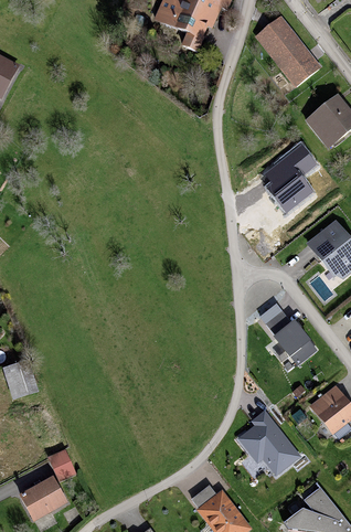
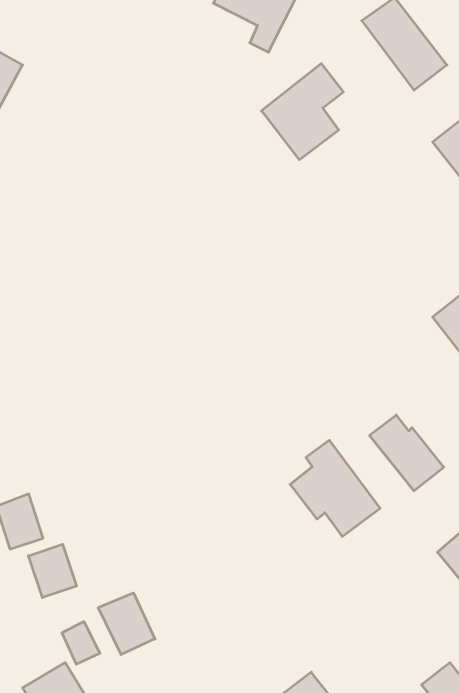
building: [259,142,317,210] -> [261,64,343,160]
building: none -> [28,544,77,598]
building: [238,406,301,474] -> [290,440,380,536]
building: none -> [98,593,155,655]

